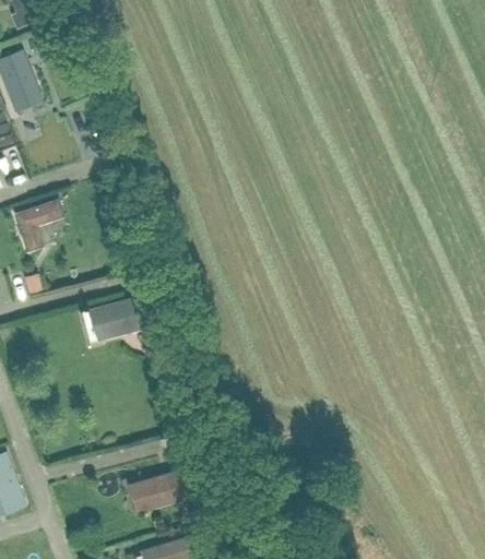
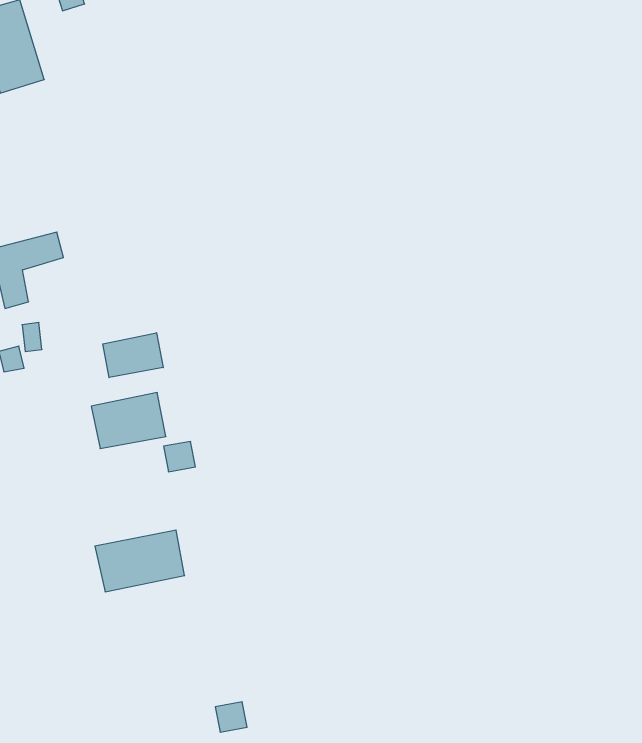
building: none -> [103,333,163,378]
building: [126,469,186,513] -> [95,530,185,592]

